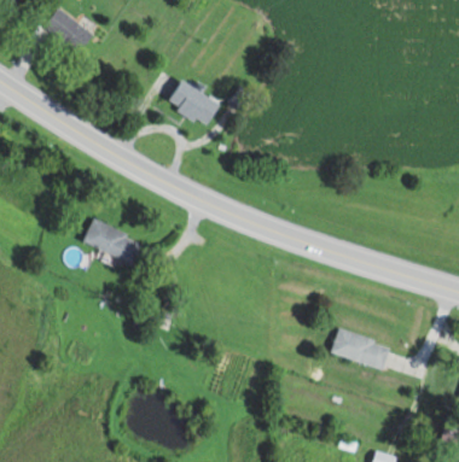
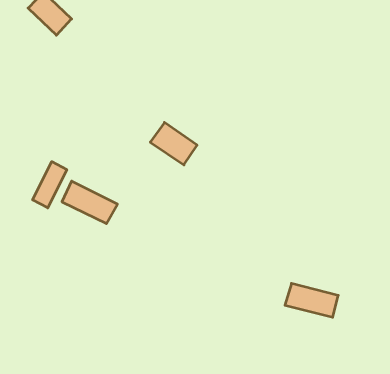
building: [167,80,219,127] -> [150,122,197,165]
building: none -> [33,162,67,208]

